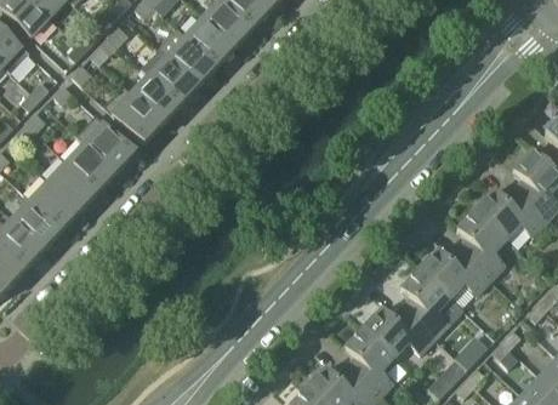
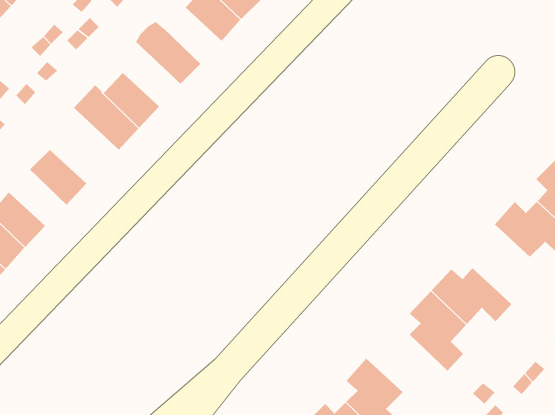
building: [184,17,235,67] -> none
building: [141,47,199,104] -> none
building: [76,114,136,172] -> none
building: [47,160,98,210] -> none
building: [456,209,507,279] -> none
building: [363,306,434,356] -> none

